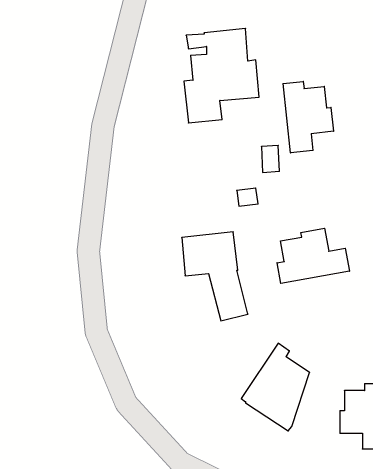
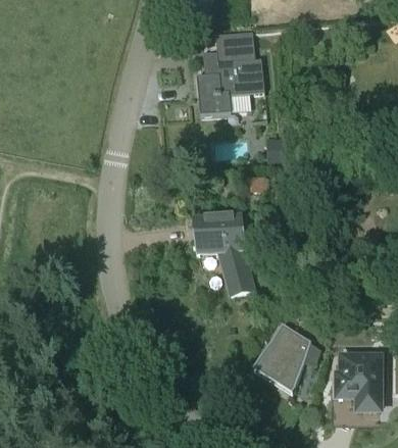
building: [283,81,334,153] -> none
building: [277,228,349,283] -> none

